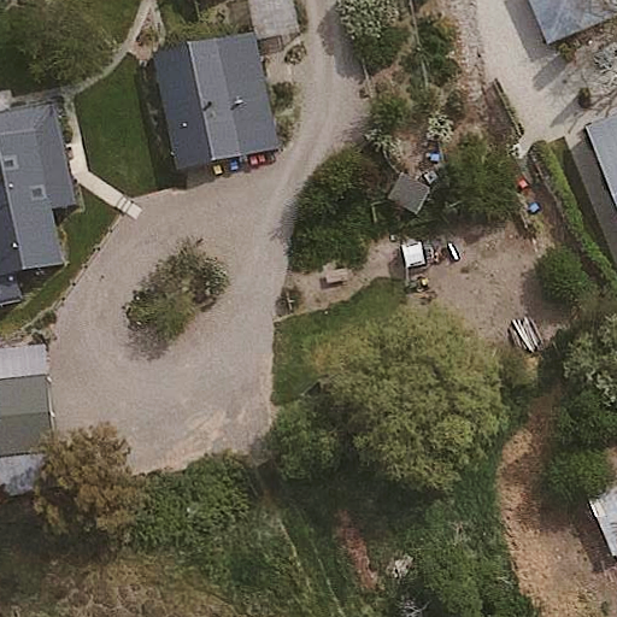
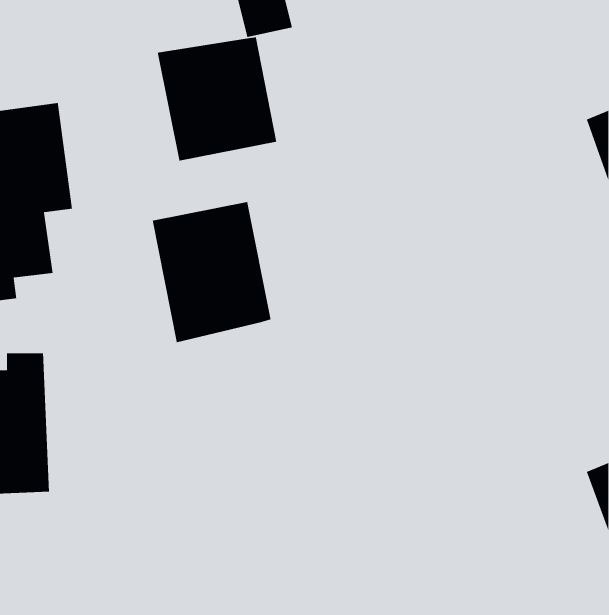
building: none -> [152,201,272,343]

